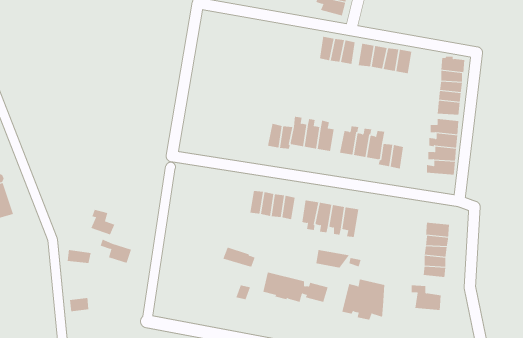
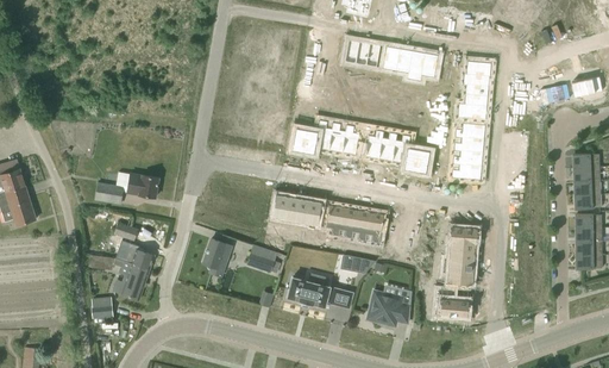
building: none -> [94,171,158,204]
building: none -> [202,238,232,276]
building: none -> [113,261,150,300]

